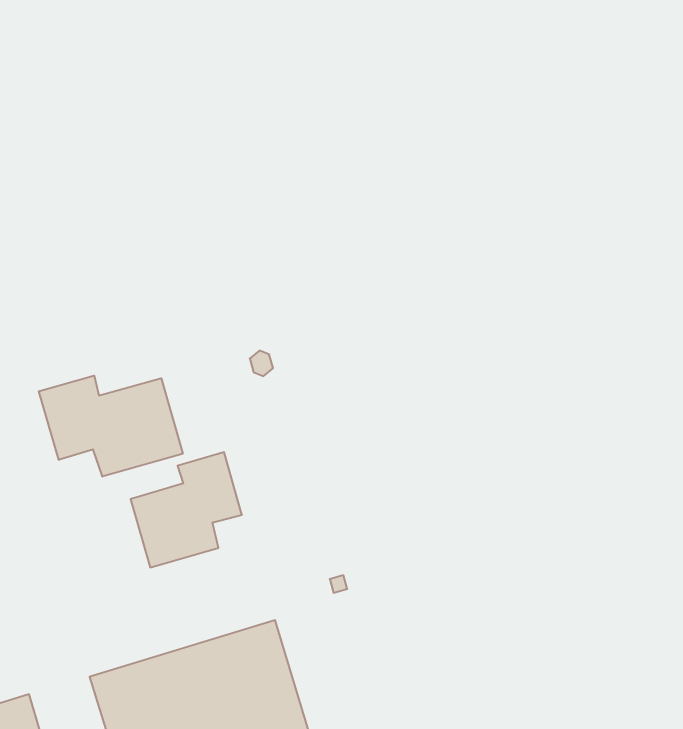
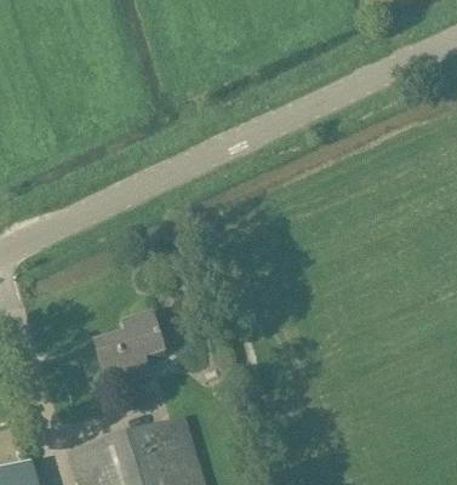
building: [39,376,183,477] -> none

